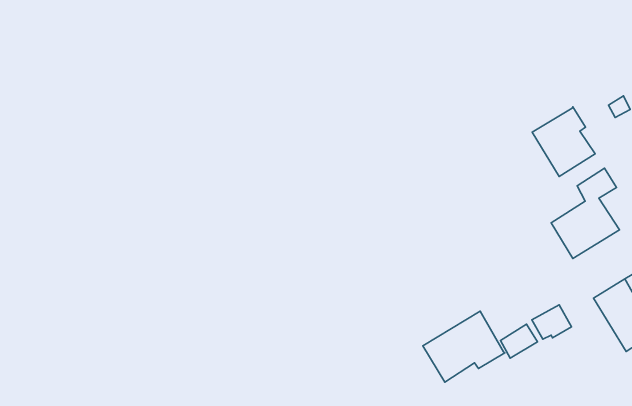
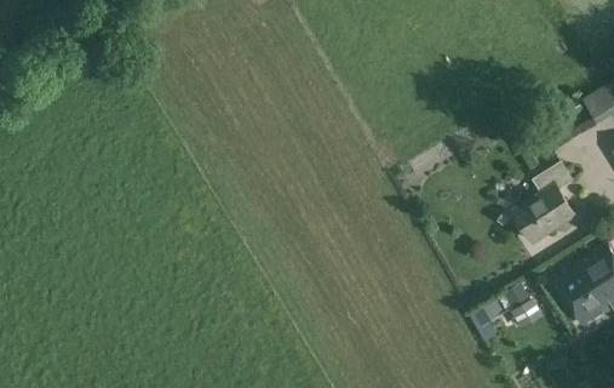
building: [532,107,595,176] -> none
building: [423,311,505,382] -> none

